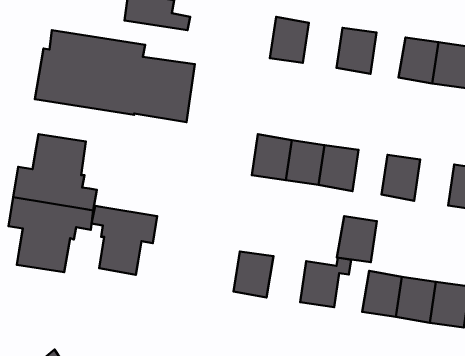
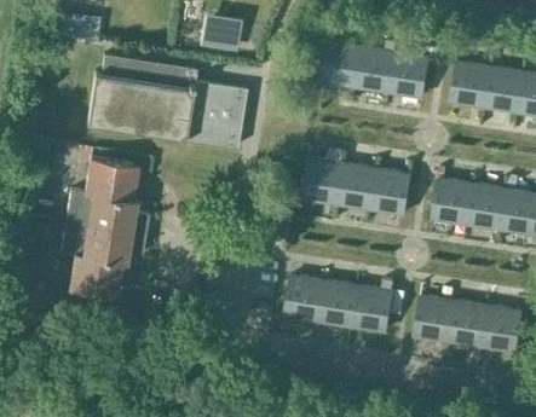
building: none -> [355,46,394,91]
building: none -> [466,183,506,228]
building: [91,206,157,275] -> none
building: [337,216,377,262] -> [318,279,358,325]

